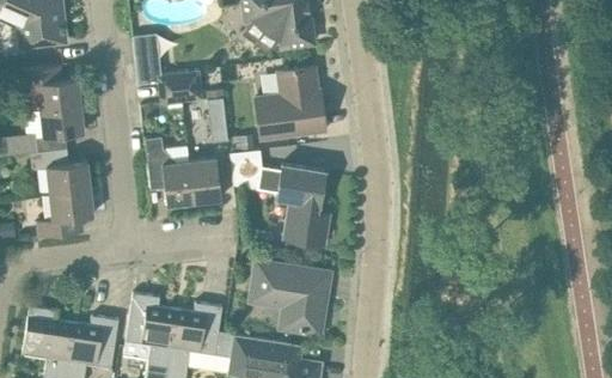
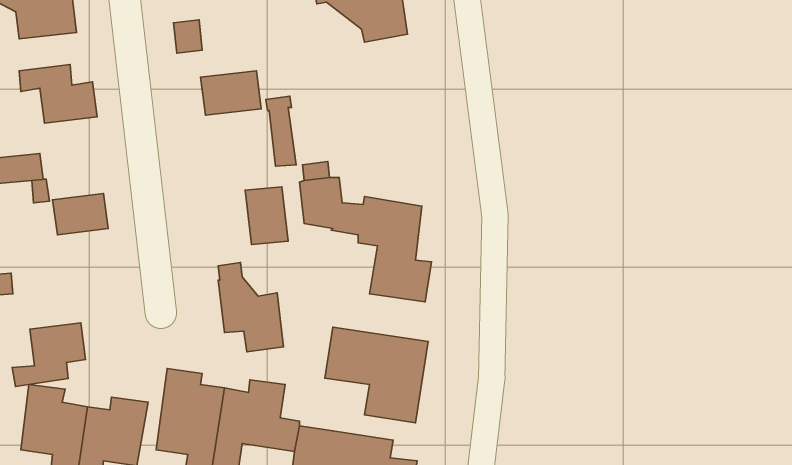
building: [256,68,326,141] -> none
building: [41,105,84,138] -> none
building: [147,138,196,205] -> [218,263,283,352]
building: [37,189,92,237] -> [12,323,86,387]

